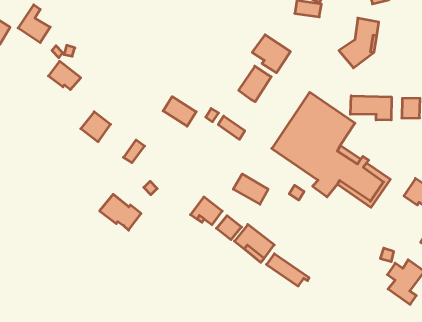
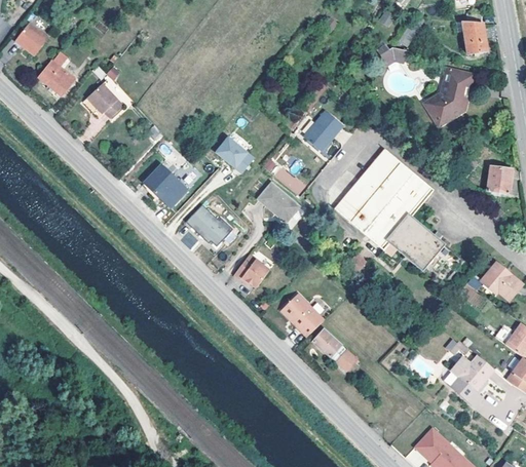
building: [18,5,50,43] -> [38,51,75,95]
building: [252,35,290,73] -> none
building: [350,96,391,120] -> none
building: [81,112,111,142] -> [144,165,179,200]
building: [233,174,268,204] -> [259,184,299,221]
building: [100,194,141,230] -> [186,204,233,247]
building: [216,216,242,240] -> none

